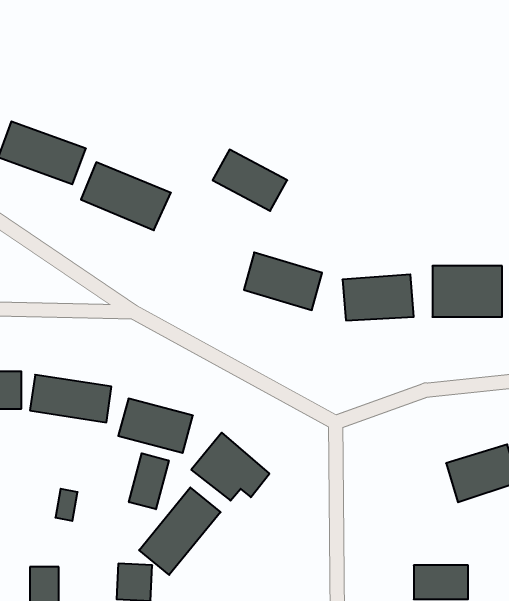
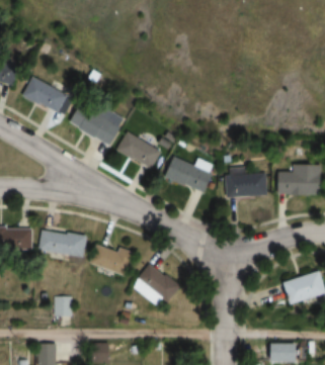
building: [213,150,287,211] -> [115,131,160,168]
building: [129,453,169,509] -> none
building: [139,487,221,575] -> none

